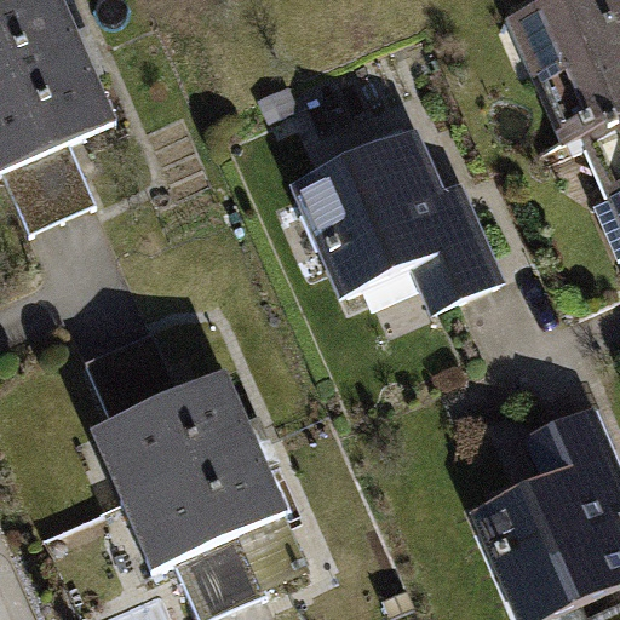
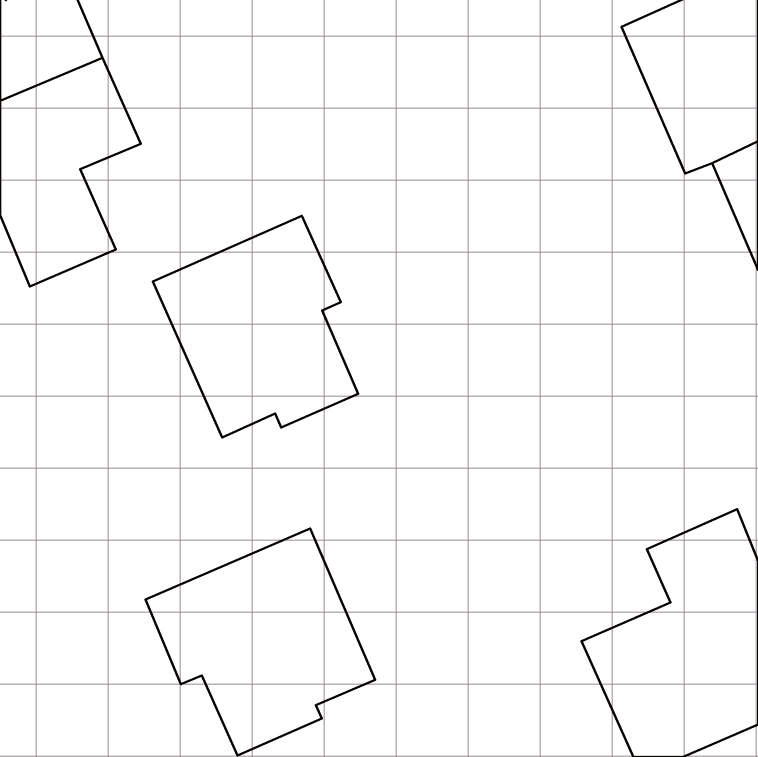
building: [294,133,509,318] -> none
building: none -> [153,216,358,438]
building: [80,325,253,489] -> none

